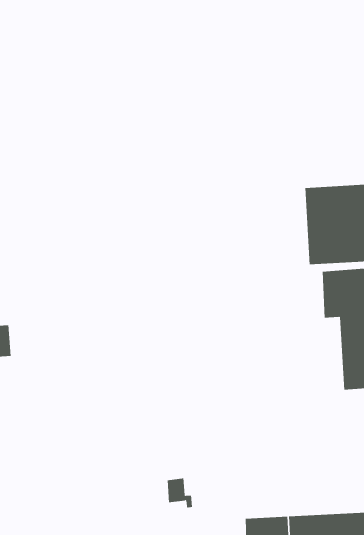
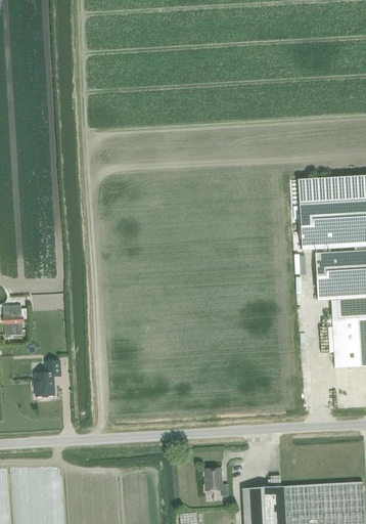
building: none -> [34,362,59,398]
building: [167,478,193,508] -> [204,469,229,497]

